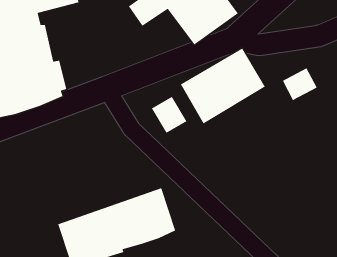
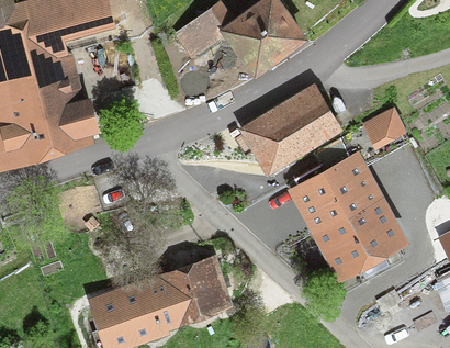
building: [151,96,188,134] -> none
building: none -> [288,150,409,282]

